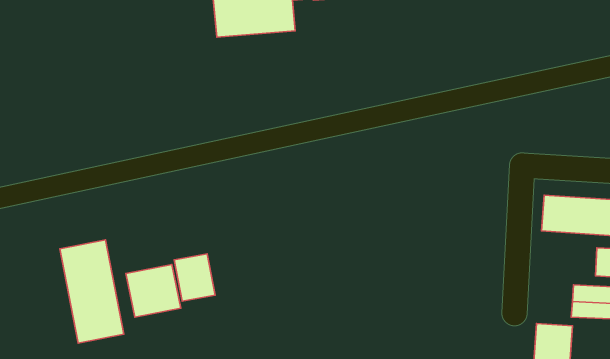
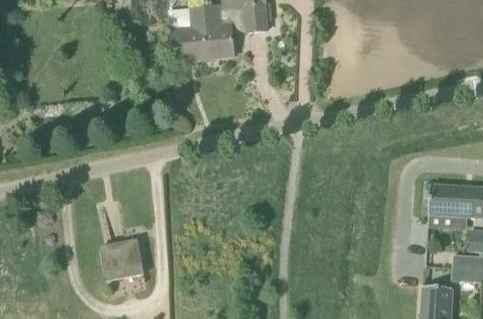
building: [60,240,124,343] -> none
building: [174,254,215,301] -> none

